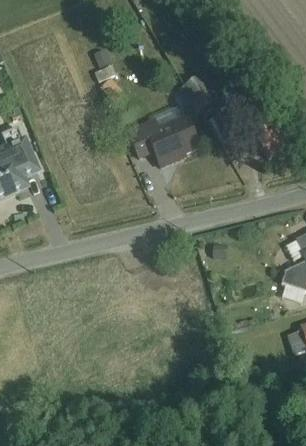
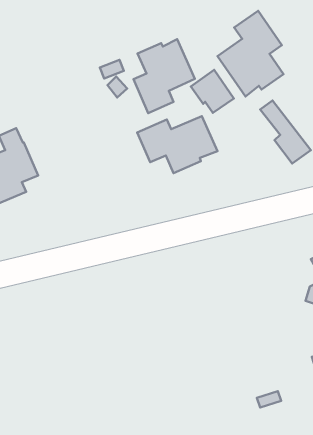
building: none -> [218,11,284,97]
building: none -> [133,39,195,113]

